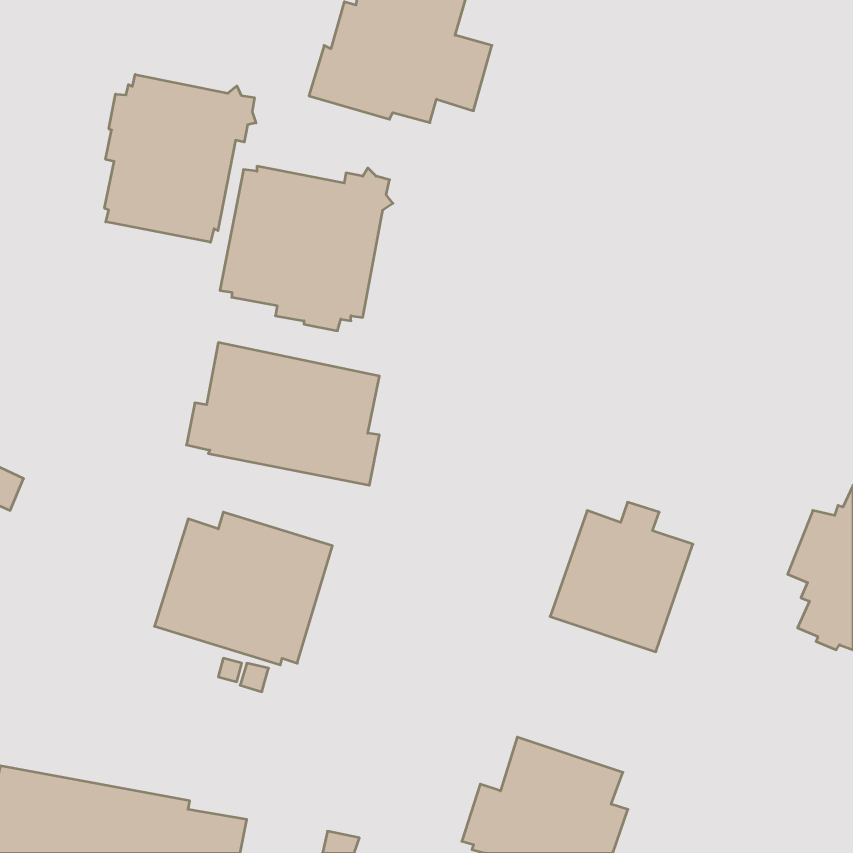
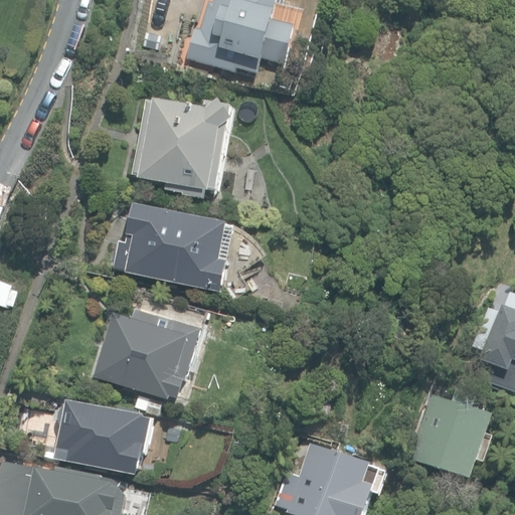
building: [105,74,256,242] -> none
building: [550,502,693,652] -> [408,388,494,478]
building: none -> [55,397,152,474]

